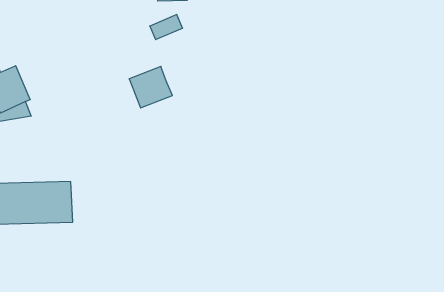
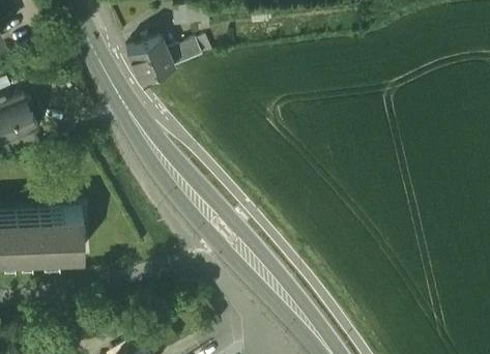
building: [129,66,172,108] -> [125,33,172,78]

